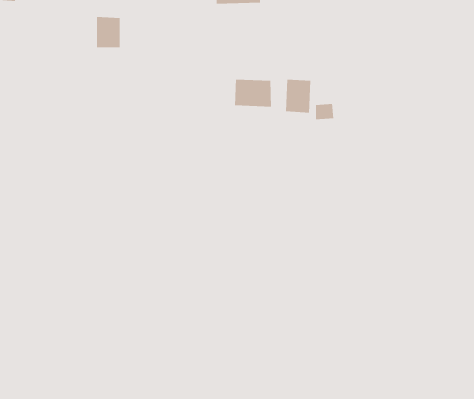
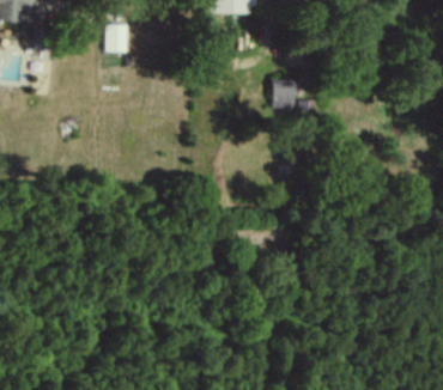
building: [234,79,271,107] -> none

